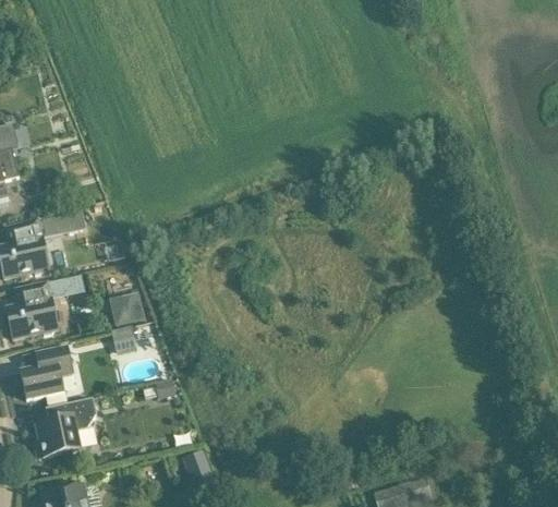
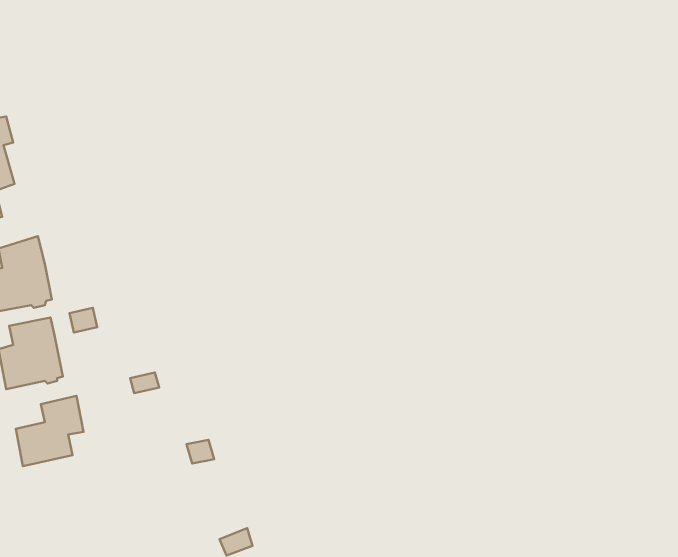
building: [56,206,85,237] -> none
building: [108,292,144,322] -> none
building: [35,397,95,457] -> none

